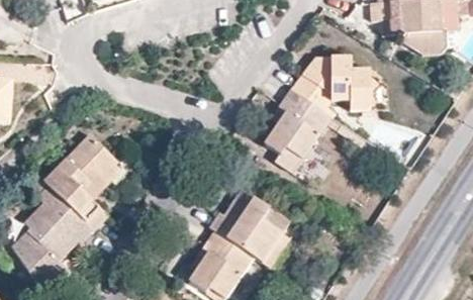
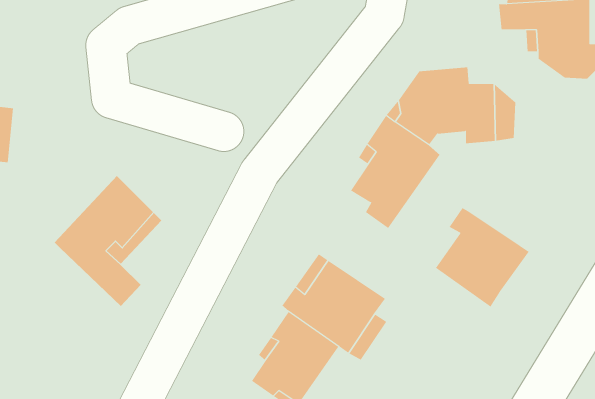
building: none -> [435,207,530,307]
building: [12,185,94,289] -> none

